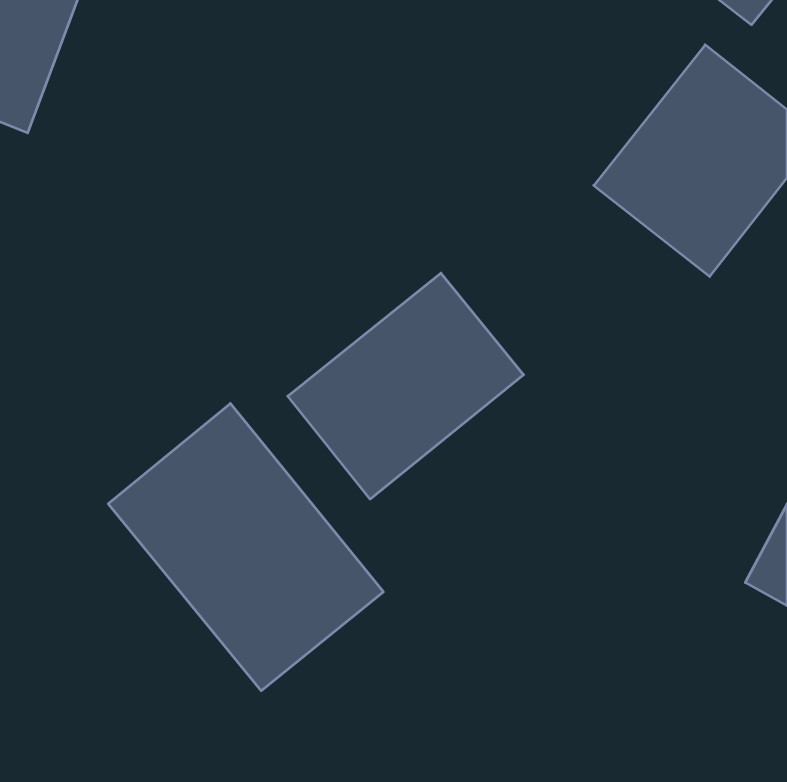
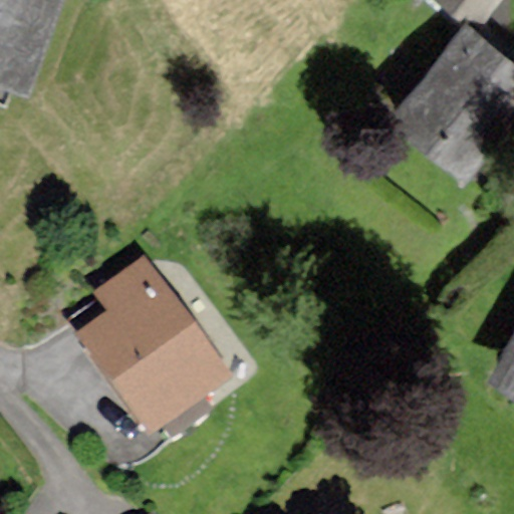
building: [288,273,524,499] -> none

